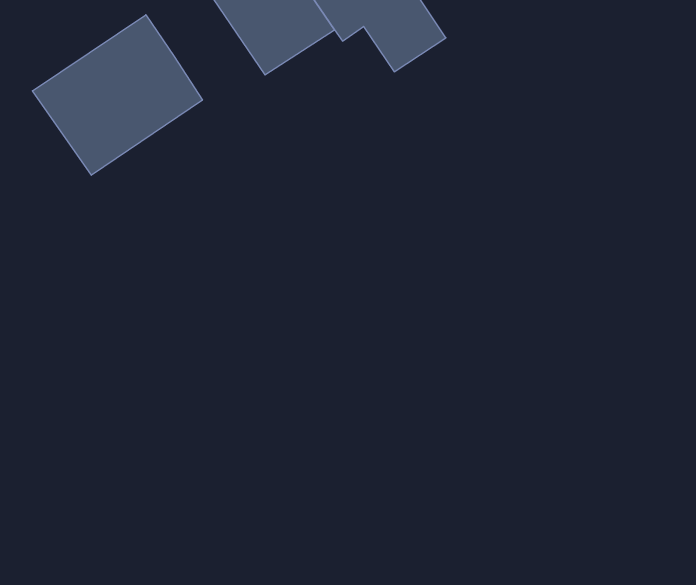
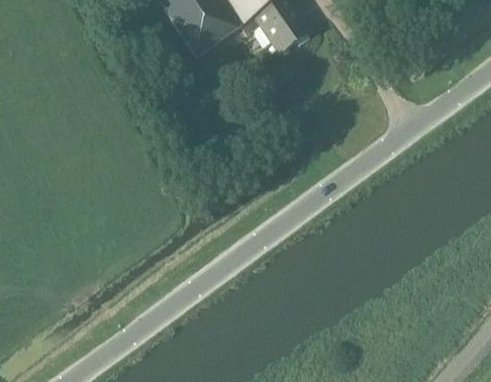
building: [32,15,202,175] -> none

